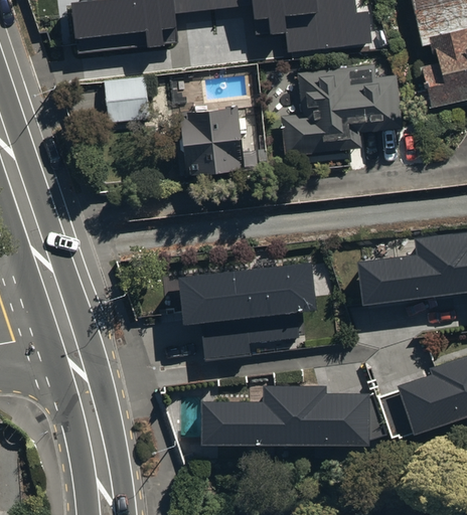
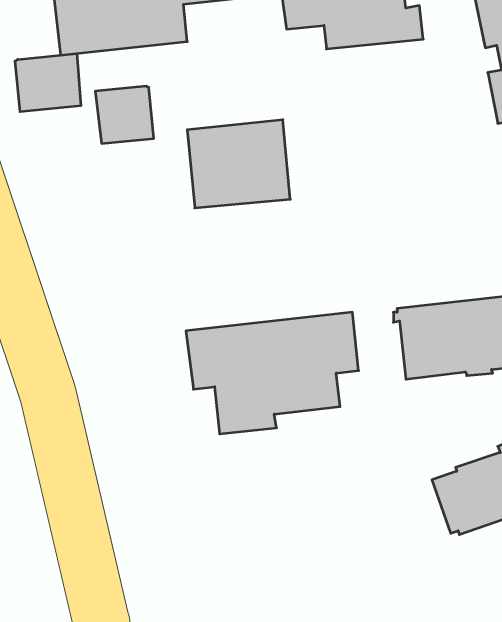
building: none -> [15,54,81,112]
building: [281,64,402,154] -> none
building: [202,386,383,448] -> none

